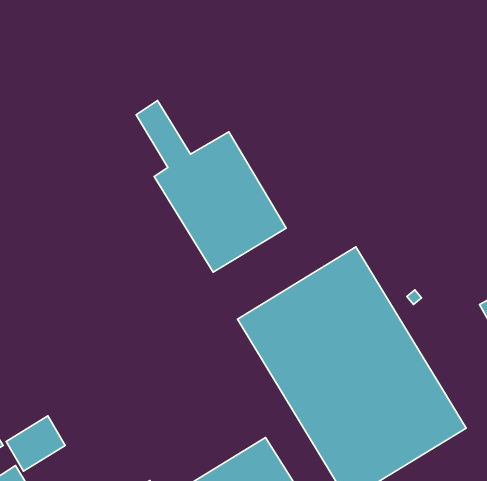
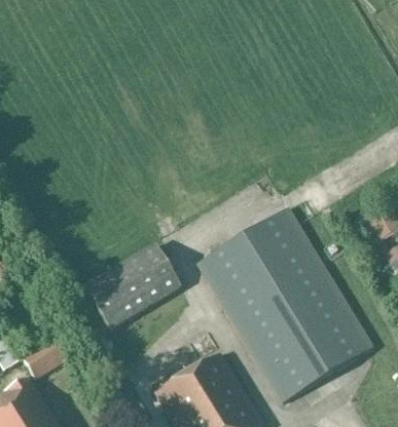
building: [136,101,286,272] -> none
building: none -> [83,243,179,327]

